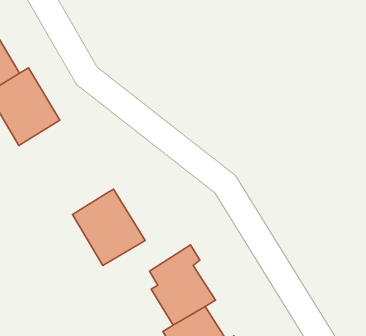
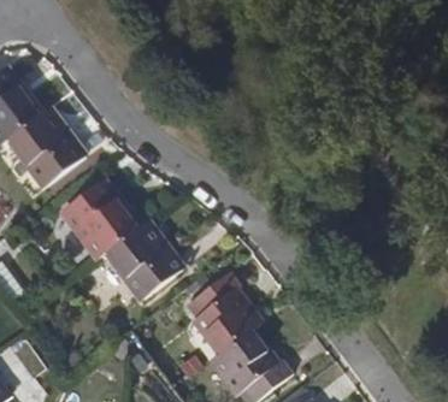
building: none -> [63,181,137,258]

